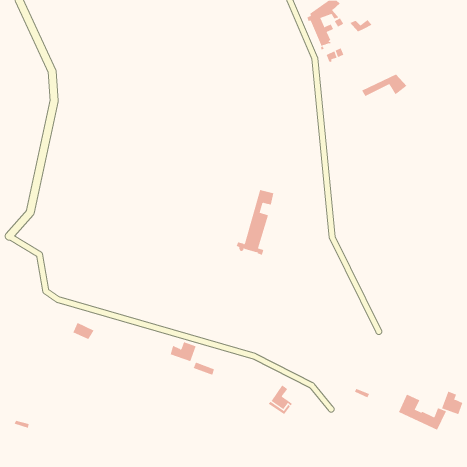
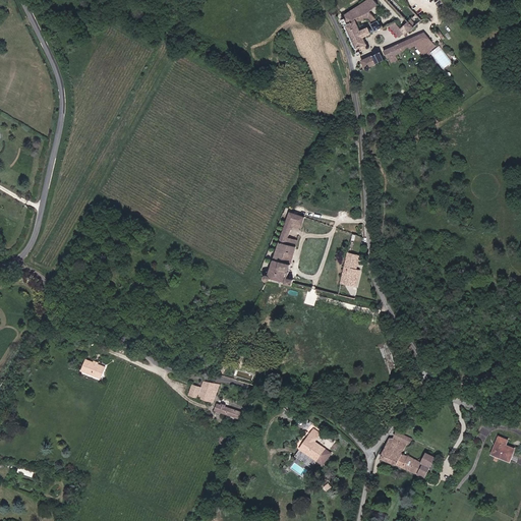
building: [361,74,407,97] -> [385,33,436,58]
building: none -> [340,252,360,287]
building: [398,394,447,430] -> [381,438,435,478]

